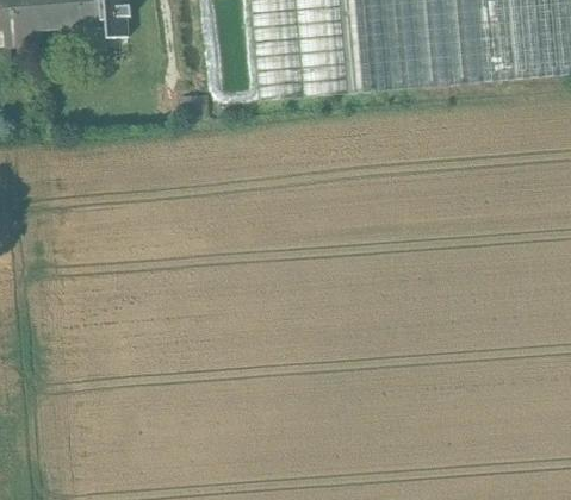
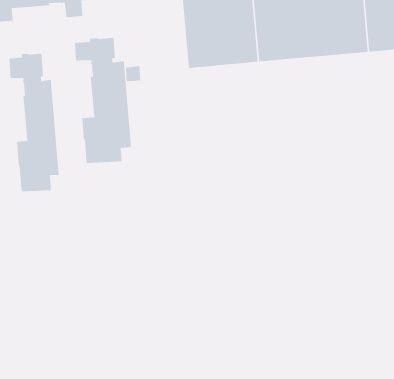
building: none -> [75,37,131,164]
building: none -> [9,53,59,192]

